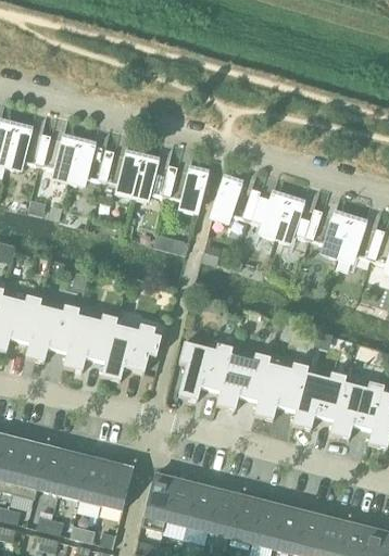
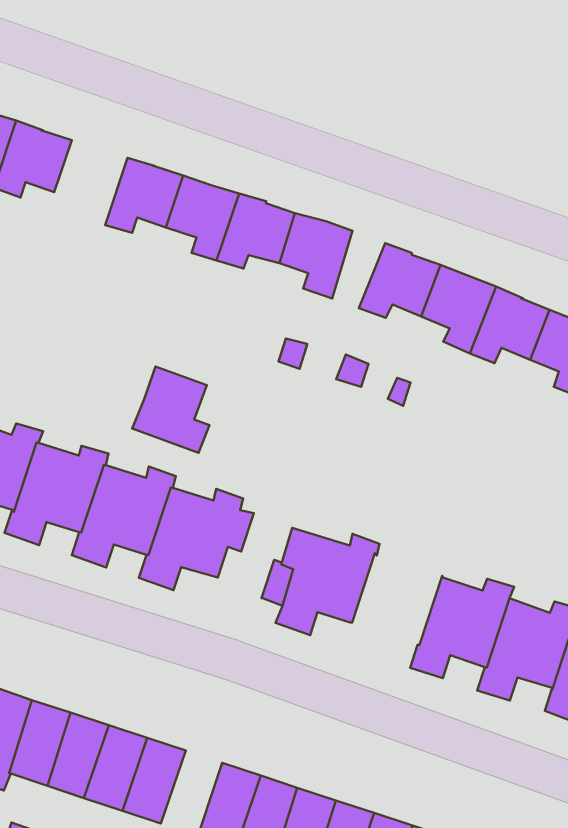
building: [39,136,78,181] -> none
building: none -> [132,367,209,453]
building: [216,352,271,408] -> none

